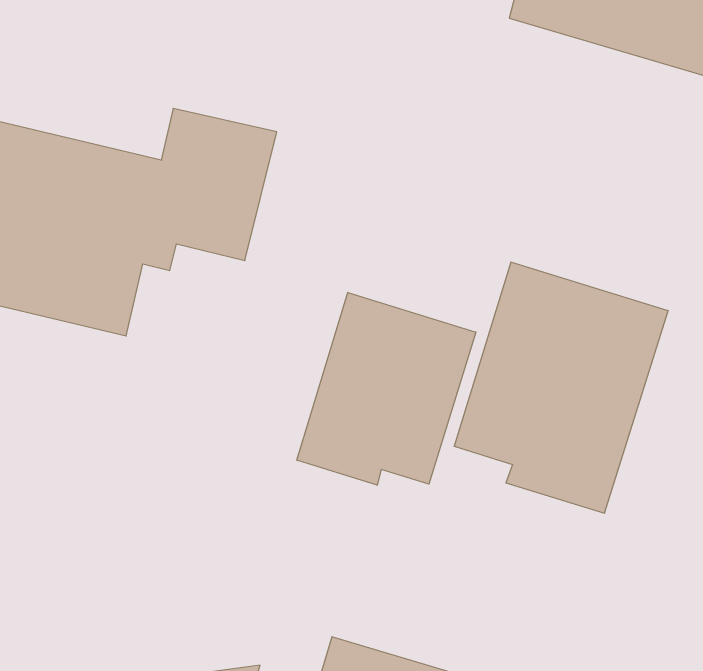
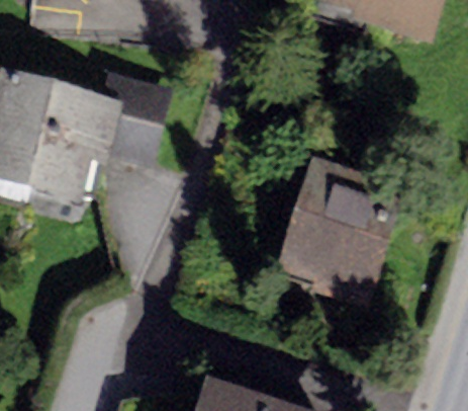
building: [297,292,476,485] -> none

